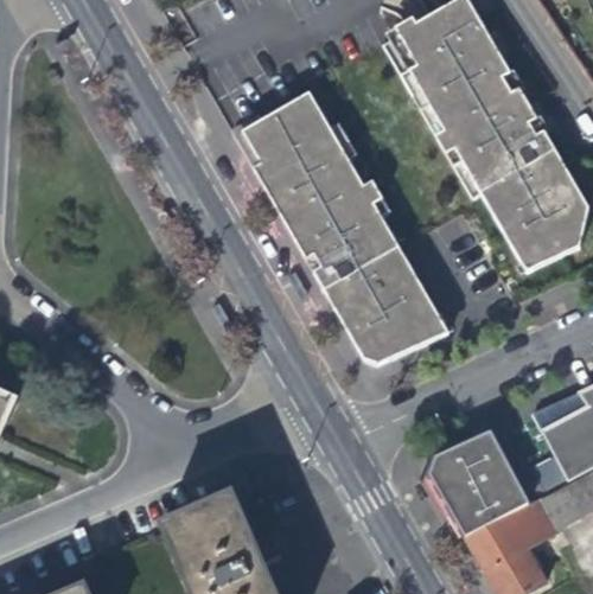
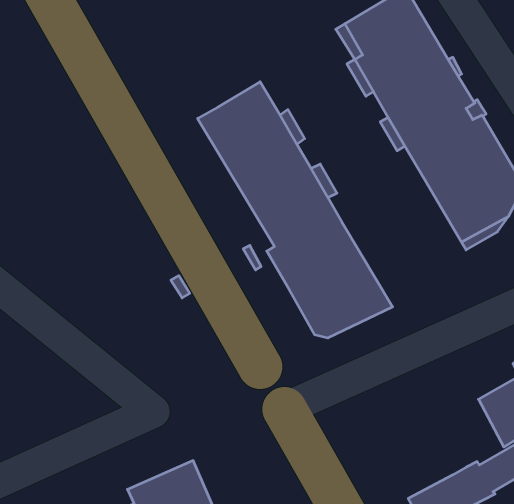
building: [231,114,323,272] -> none
building: [429,433,527,535] -> none

